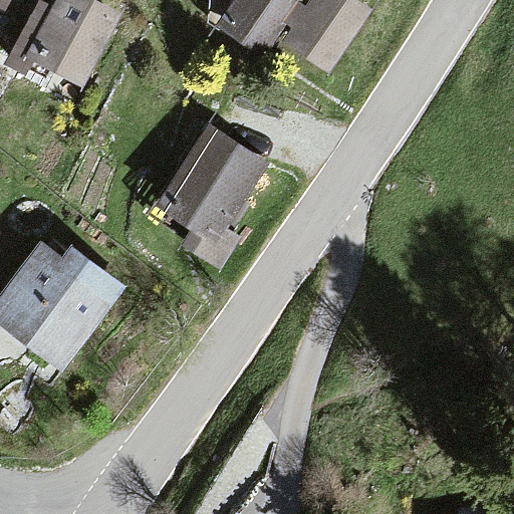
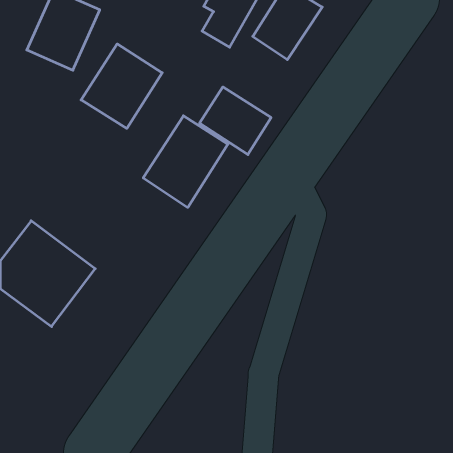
building: none -> [81,44,162,128]
building: none -> [200,87,271,155]

